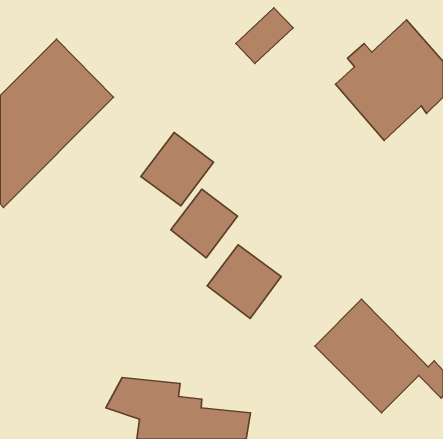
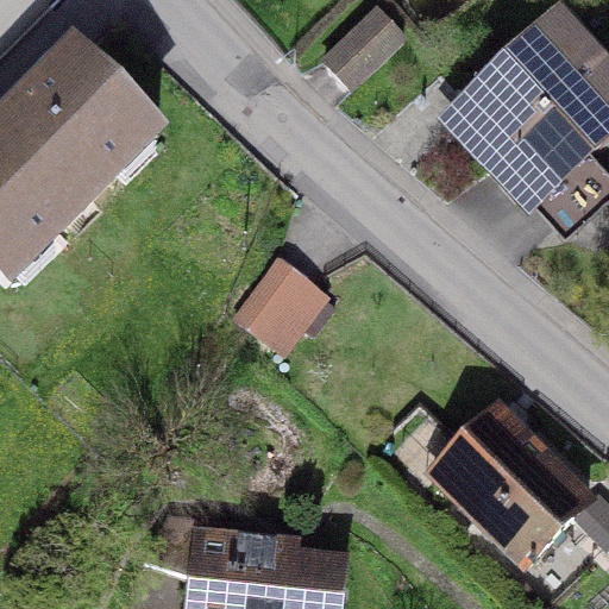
building: [141,132,213,206] -> none
building: [207,245,281,319] -> none

